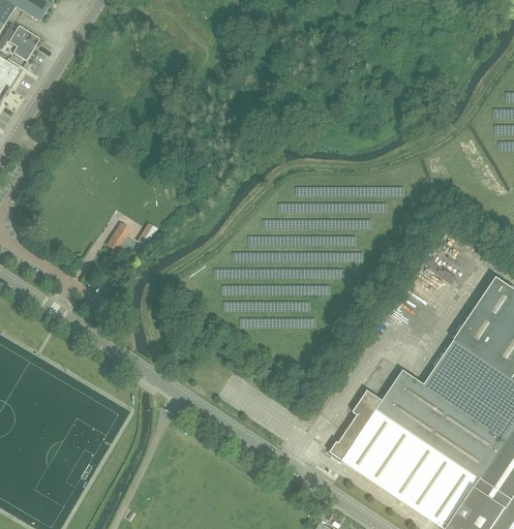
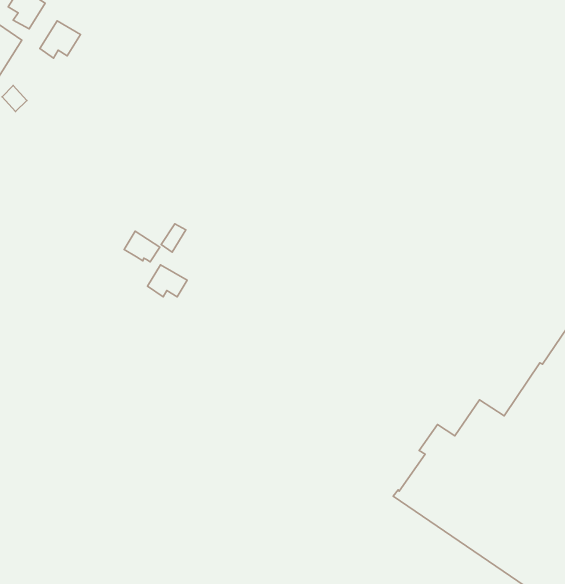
building: none -> [40,21,80,58]
building: none -> [147,265,187,297]

